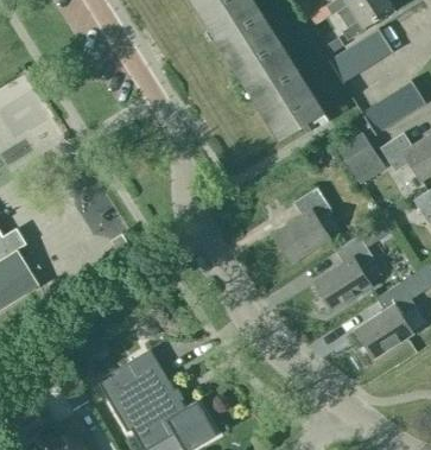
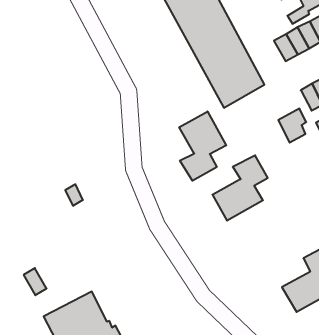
building: none -> [179,111,226,181]
building: [313,235,373,309] -> none

